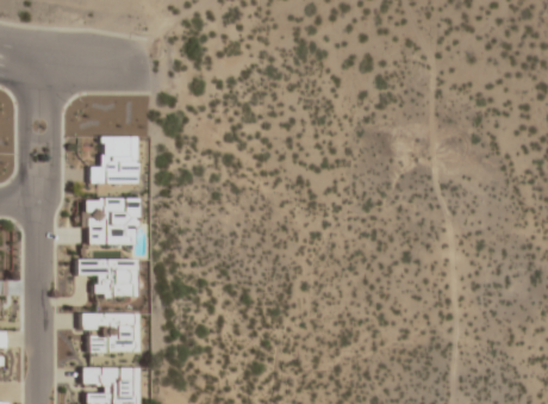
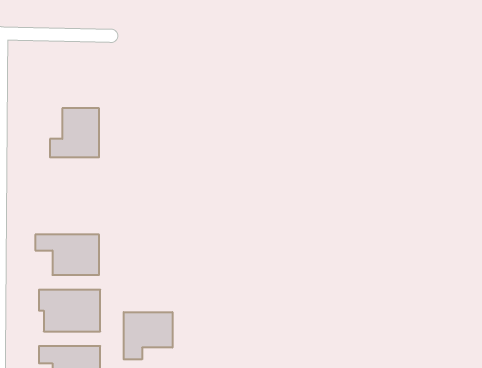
building: [82,197,139,245] -> none
building: none -> [124,312,172,359]

